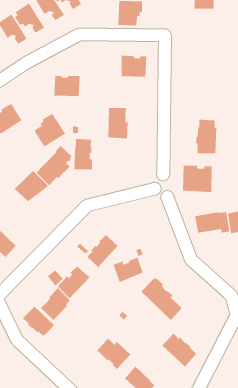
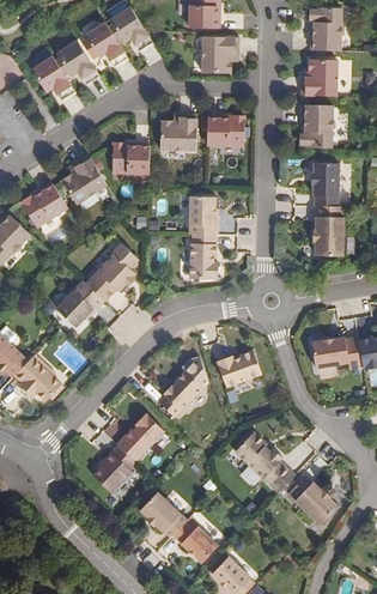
building: none -> [302,57,338,95]
building: none -> [300,104,335,147]
building: none -> [159,114,196,150]
building: none -> [314,162,340,206]
building: [33,113,66,147] -> [61,154,108,204]
building: [74,138,93,170] -> [189,232,217,278]
building: [182,165,213,193] -> none
building: [113,257,144,283] -> [217,350,261,387]
building: [22,306,55,337] -> [139,492,186,537]
building: [162,333,197,367] -> [287,475,338,525]

